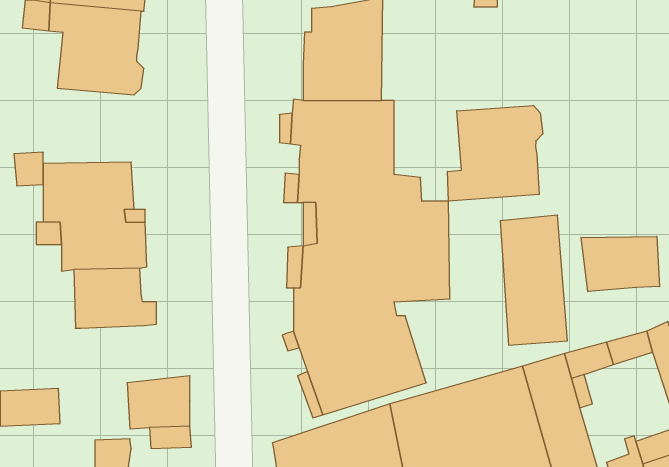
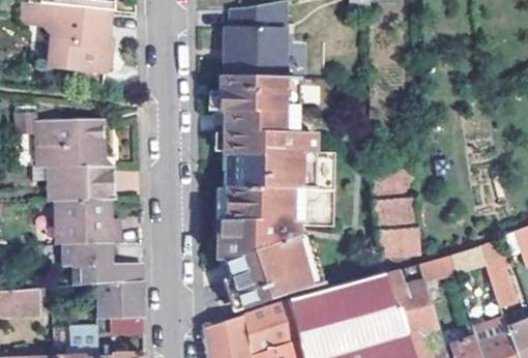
building: [448,105,543,201] -> none
building: [581,236,660,292] -> none
building: none -> [62,242,143,287]

